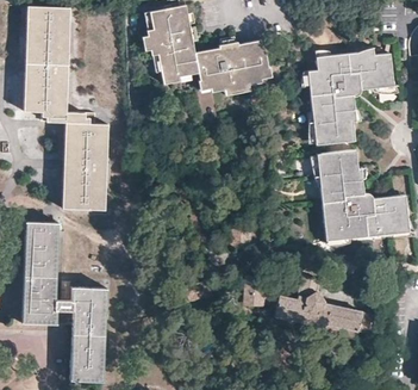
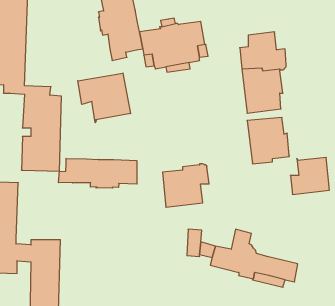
building: [348,47,394,89] -> none
building: none -> [78,73,131,123]
building: [323,192,375,241] -> [163,164,209,207]
building: none -> [59,158,137,188]

